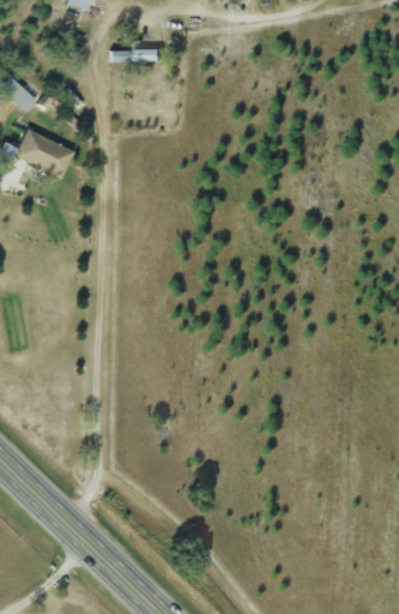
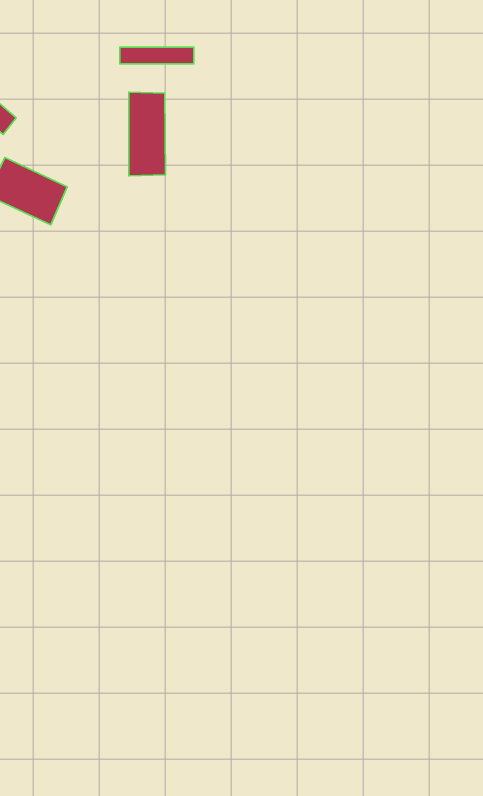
building: none -> [129,92,166,176]

